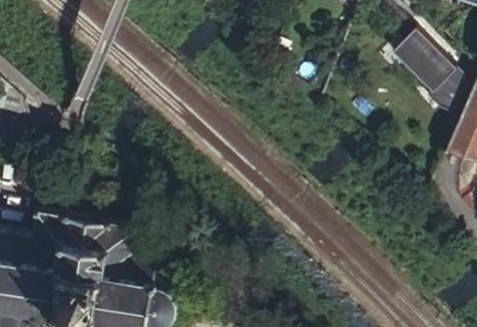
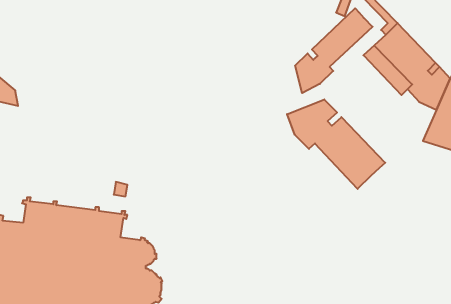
building: none -> [295,8,373,93]
building: none -> [287,99,385,189]

